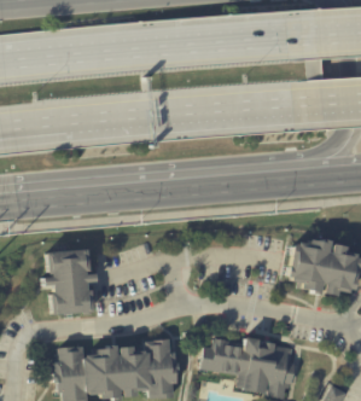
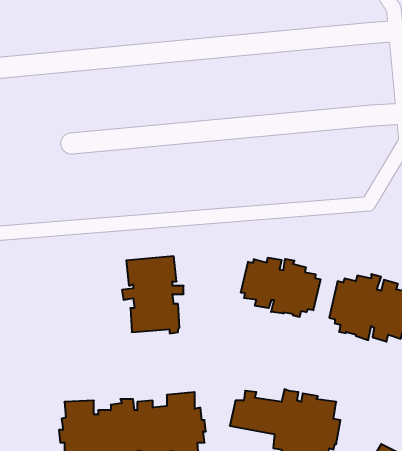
building: none -> [241,258,320,317]
building: [43,249,97,315] -> [122,256,184,333]

